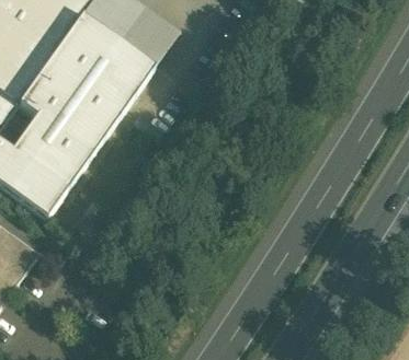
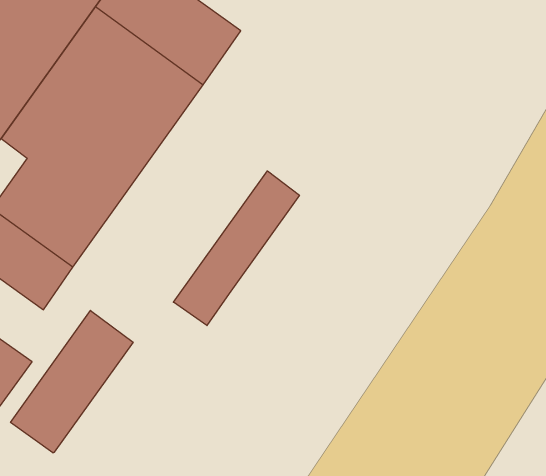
building: none -> [173,171,299,326]
building: none -> [11,310,133,453]

